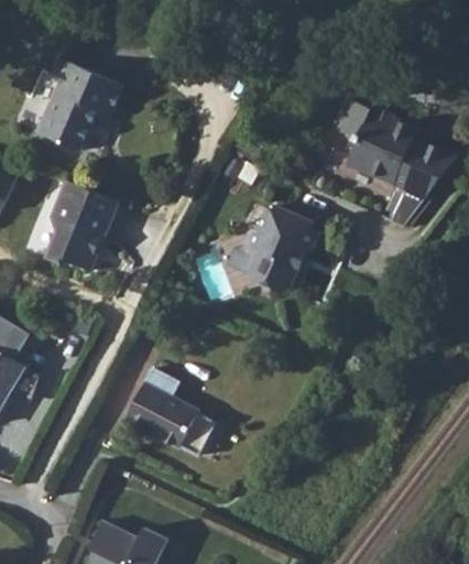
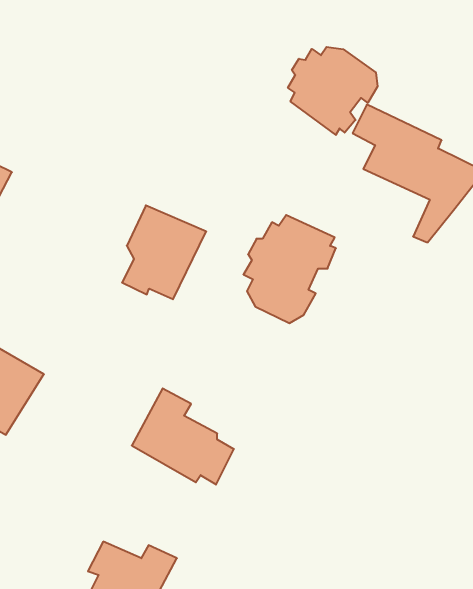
building: none -> [288,47,378,135]
building: [30,66,120,156] -> none
building: [44,177,122,264] -> [122,205,206,299]

